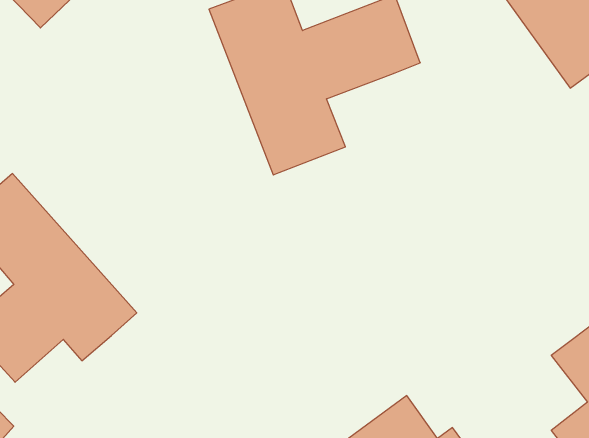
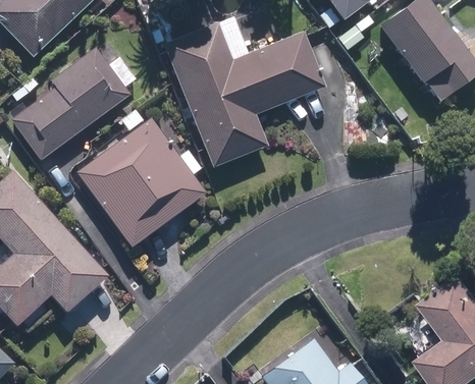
building: none -> [7,47,131,162]
building: none -> [75,116,208,249]

